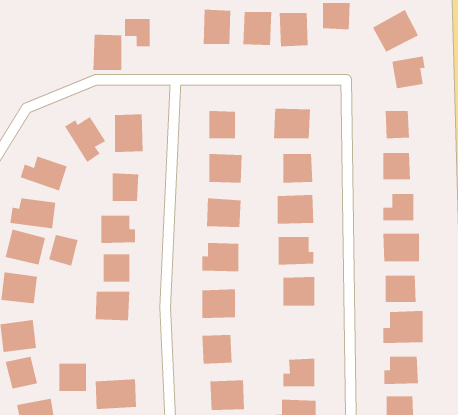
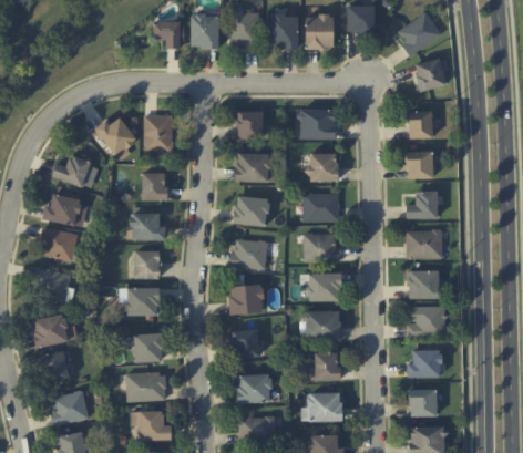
building: [93,34,122,71] -> [189,12,218,48]
building: [48,234,78,267] -> none
building: none -> [305,310,340,340]
building: [58,363,87,392] -> [135,333,163,361]

